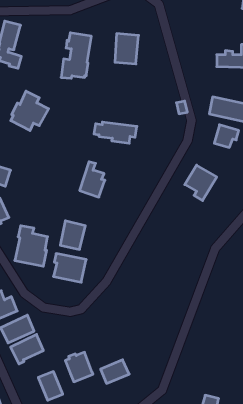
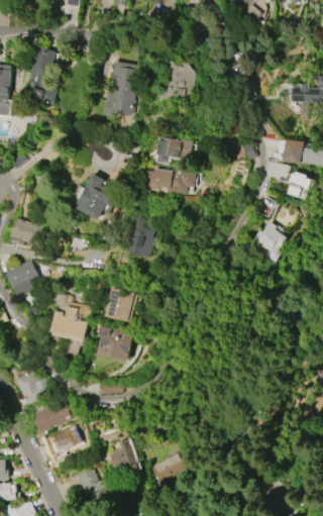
building: [11,91,49,131] -> [74,173,119,220]
building: none -> [153,136,192,165]

